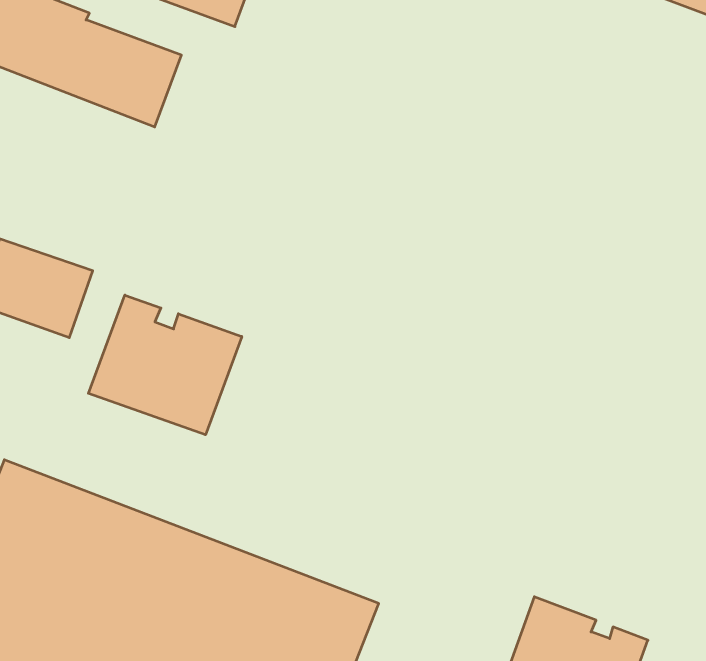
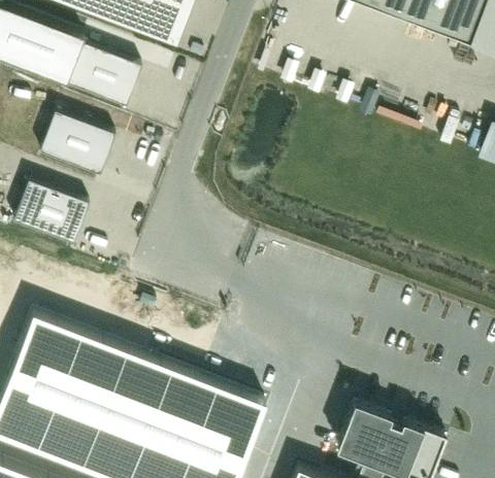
building: none -> [40,105,114,171]
building: [88,295,242,435] -> none

